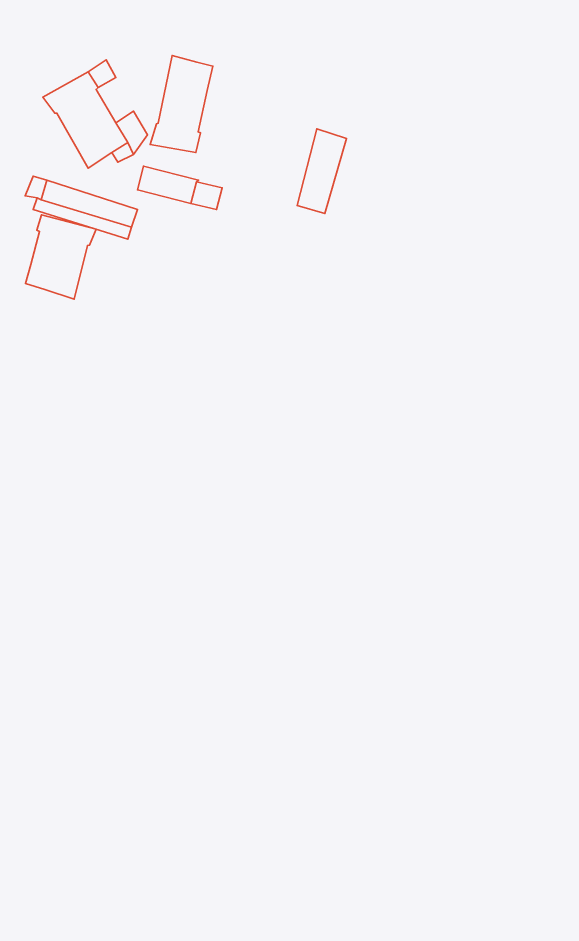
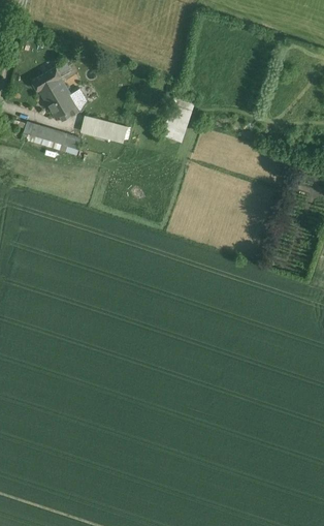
building: [150,56,213,153] -> none
building: [26,215,96,299] -> none

